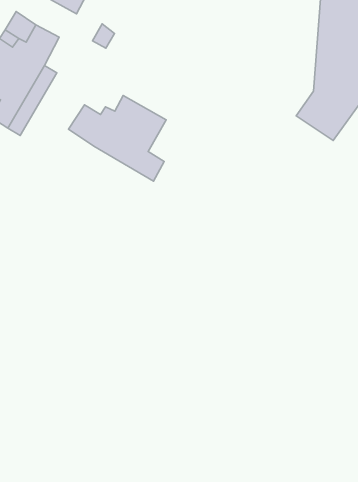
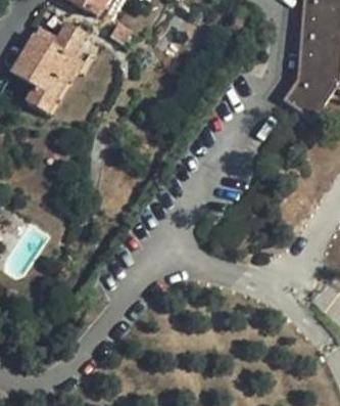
building: [69,96,166,181] -> none

